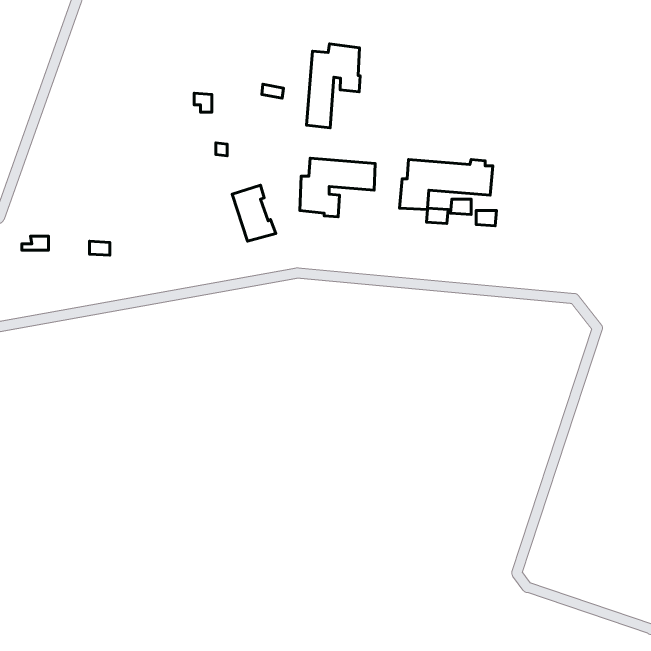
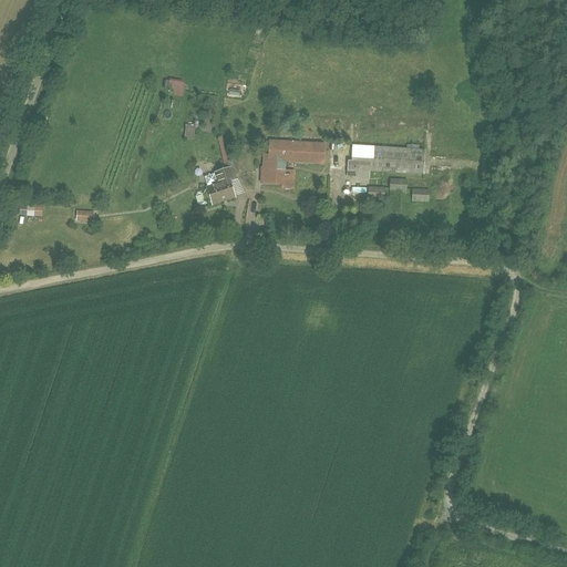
building: [307,44,360,128] -> none

